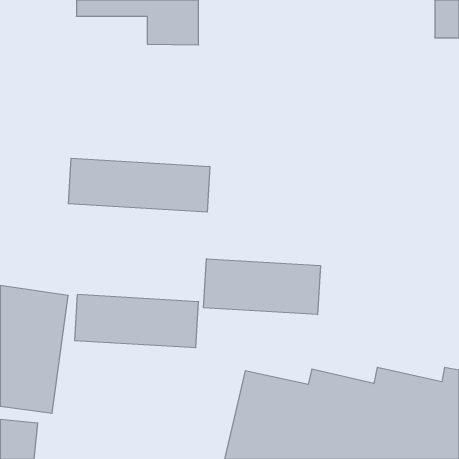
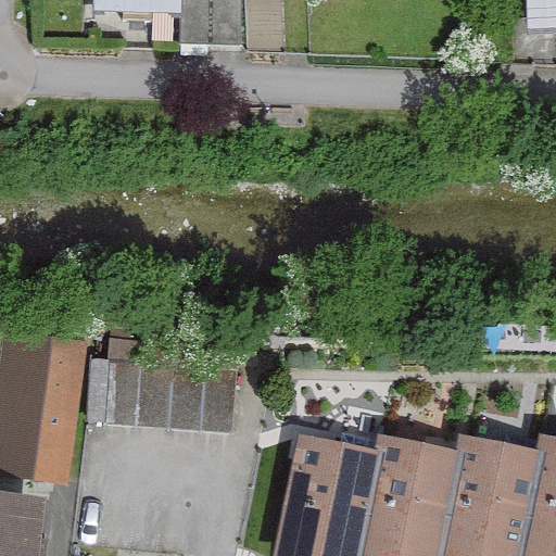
building: [68,158,210,212] -> none
building: [204,259,320,315] -> none

